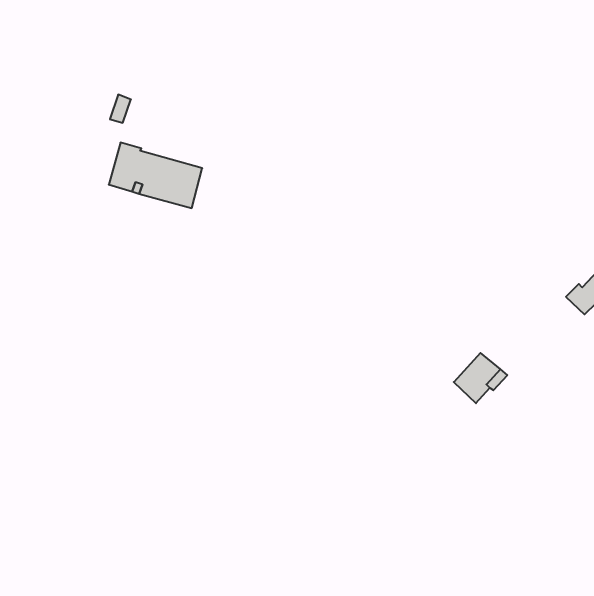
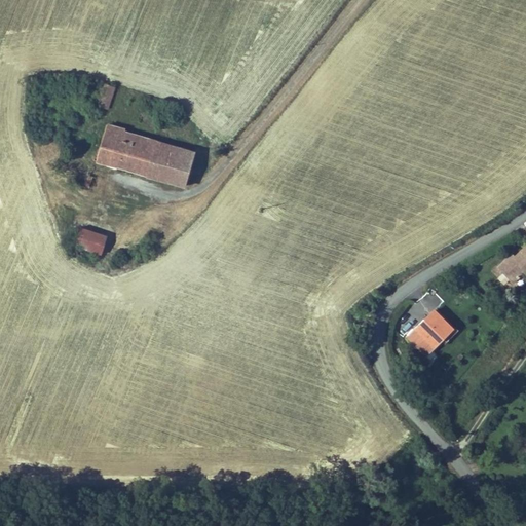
building: none -> [172,148,197,187]
building: none -> [78,228,109,254]

